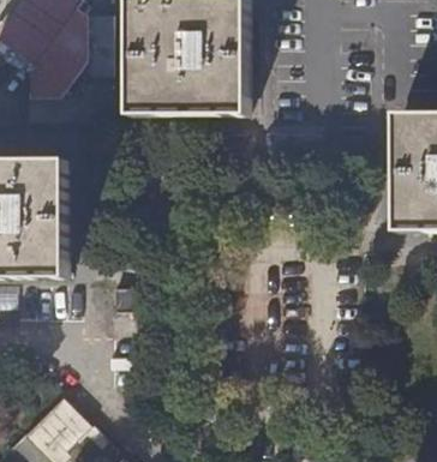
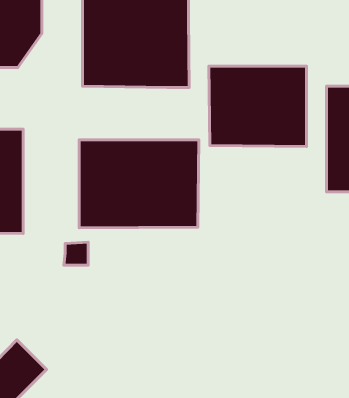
building: none -> [209,66,307,146]
building: none -> [79,140,199,228]

